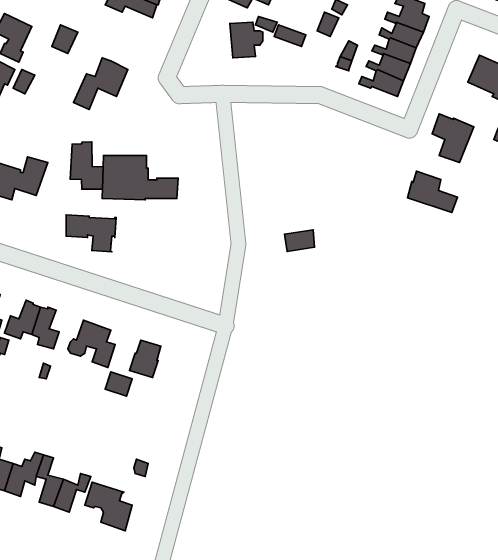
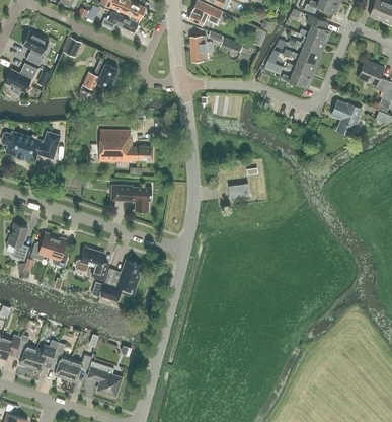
building: [70,142,103,189] -> none
building: [408,171,457,213] -> none
building: [66,215,116,252] -> [116,185,152,211]

